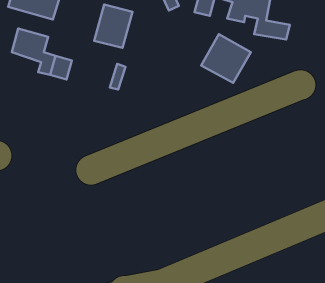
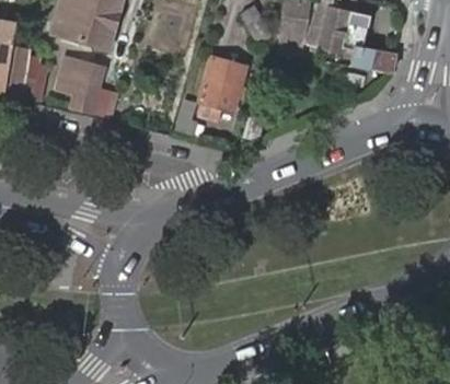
building: [94,4,132,48] -> [198,57,244,109]
building: [201,34,251,83] -> none

